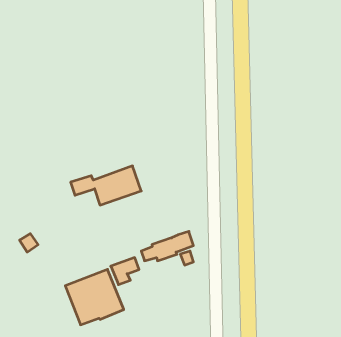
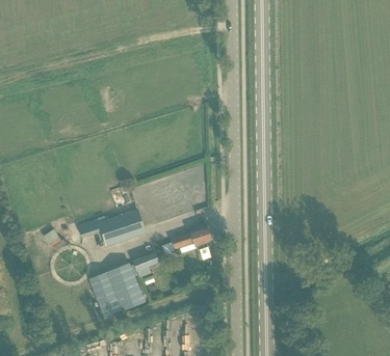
building: [71,166,141,205] -> [76,210,144,247]

